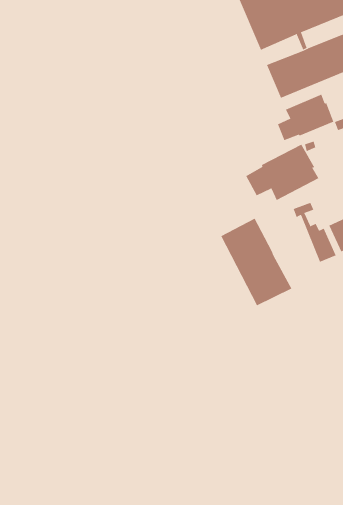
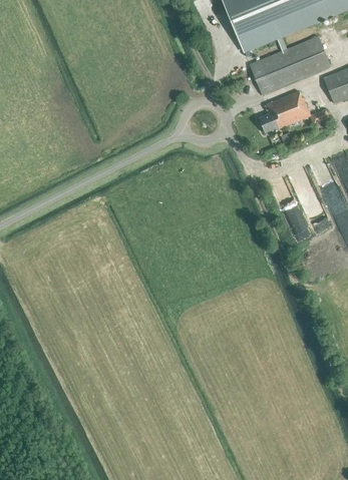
building: [245,144,319,201] -> none
building: [220,218,292,306] -> none

